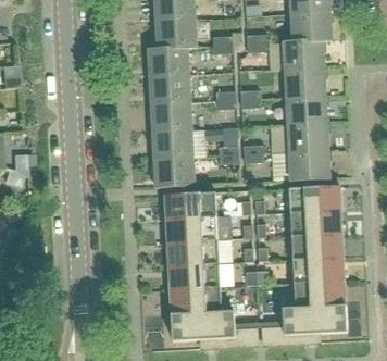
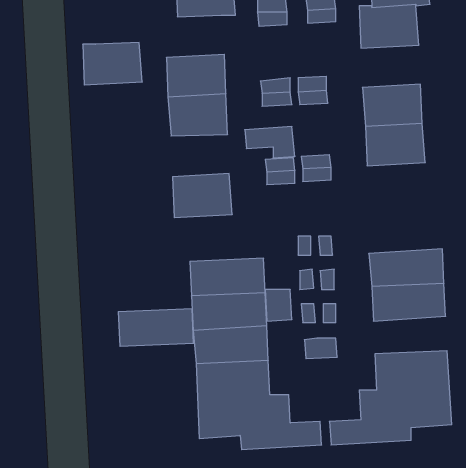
building: [148,47,189,76] -> [83,43,142,85]
building: [284,67,325,97] -> none
building: [152,129,192,159] -> none
building: [288,149,329,179] -> none
building: [288,185,340,212] -> none
building: [164,191,216,217] -> [118,309,194,346]
building: [292,256,344,282] -> none

